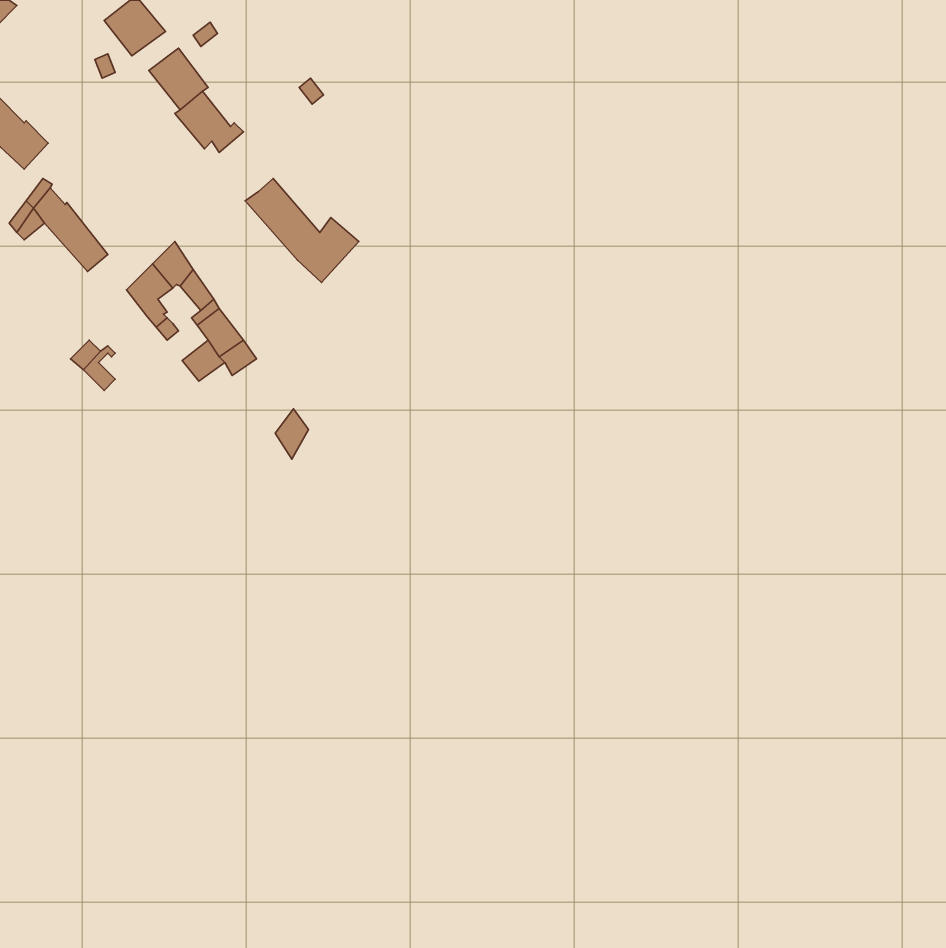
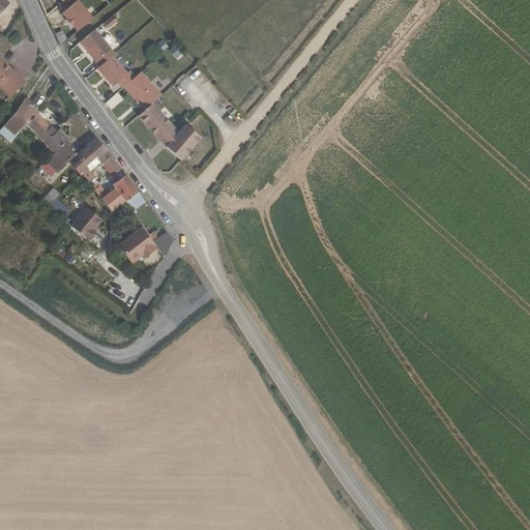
building: none -> [124,69,161,108]
building: none -> [41,143,72,174]
building: none -> [68,208,101,241]
building: none -> [115,228,155,266]

